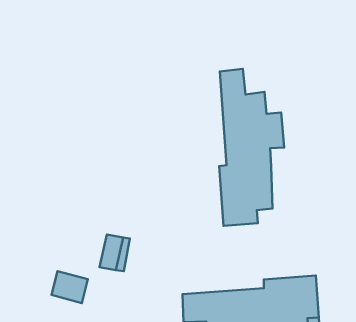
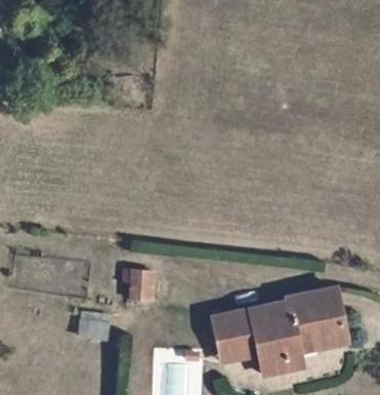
building: [219,69,284,226] -> none

